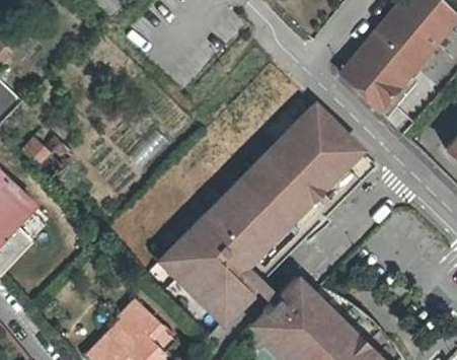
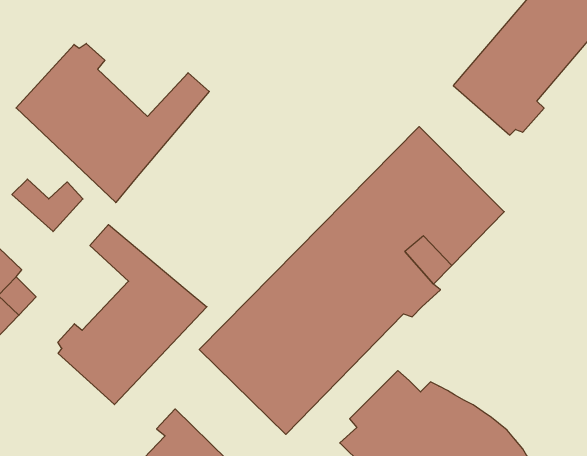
building: none -> [16,43,209,203]
building: none -> [58,225,207,405]

